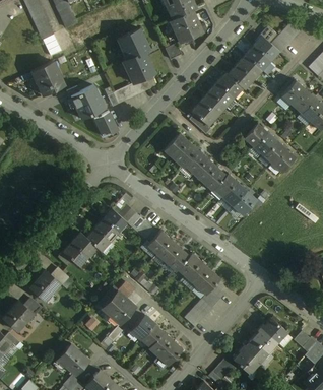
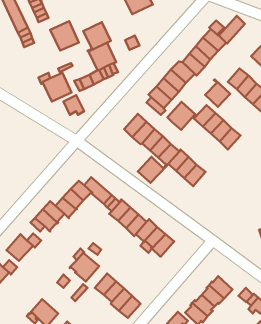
building: [171,9,202,42] -> none
building: [31,61,64,94] -> [50,21,79,50]
building: none -> [205,80,230,107]
building: none -> [167,102,195,130]
building: none -> [138,157,167,183]
building: [184,279,229,326] -> none

